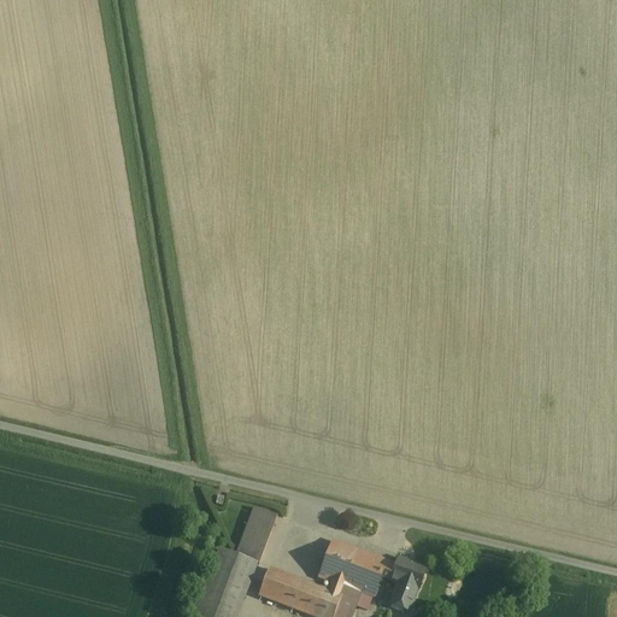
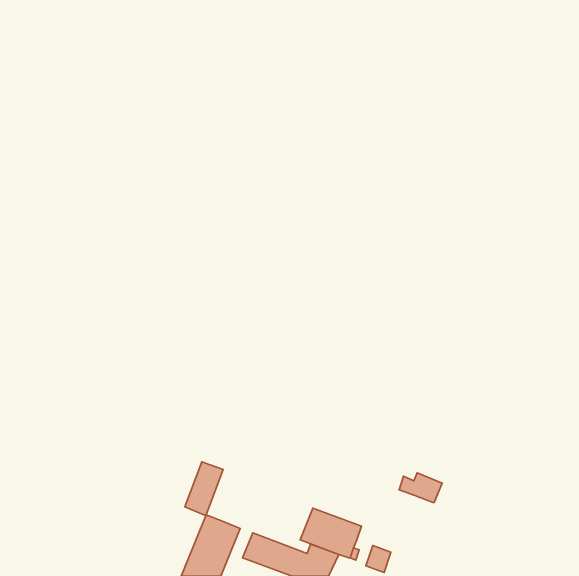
building: [235,506,276,563] -> [185,462,223,515]
building: [380,557,425,588] -> [399,473,442,502]

